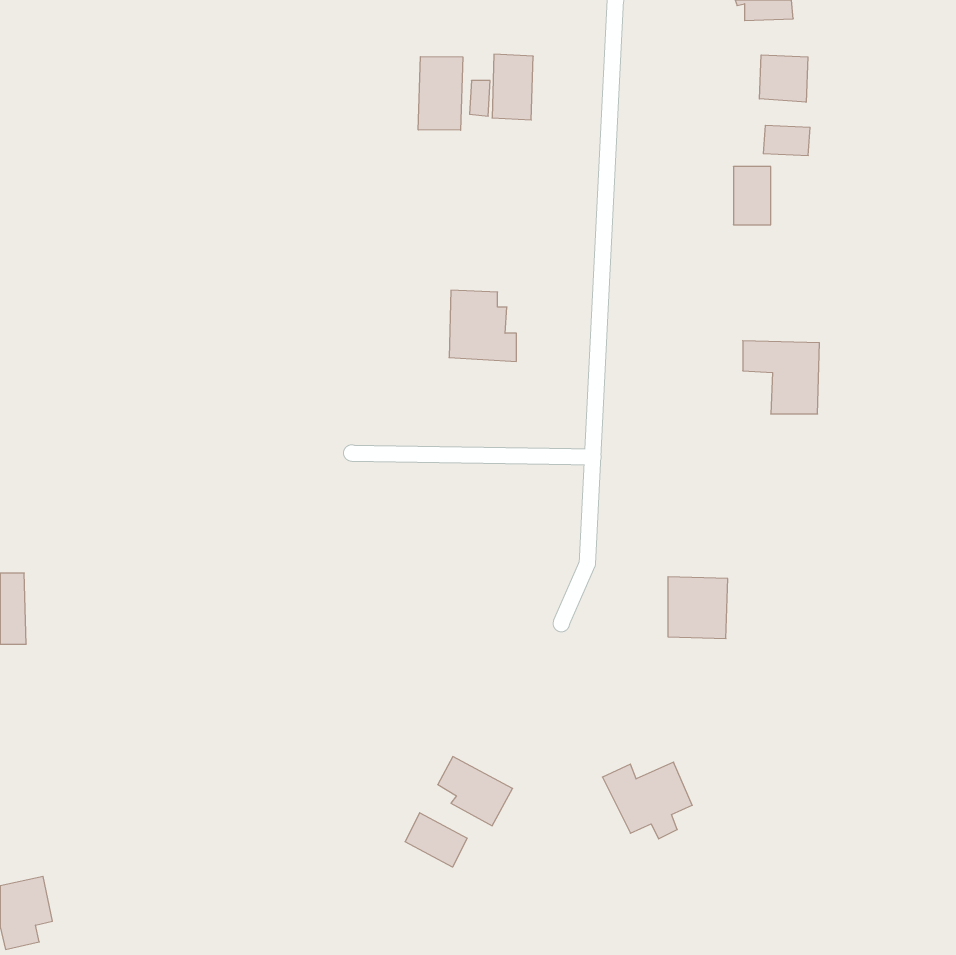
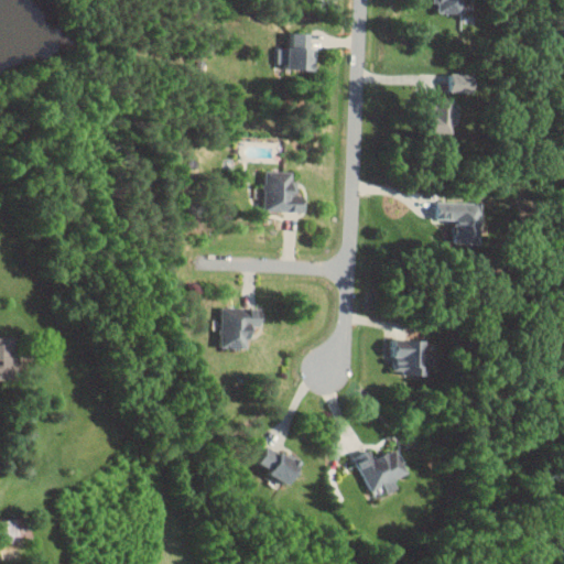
building: [759,55,808,102] -> none
building: [418,57,463,130] -> none
building: none -> [221,308,260,349]
building: [405,813,467,867] -> none

